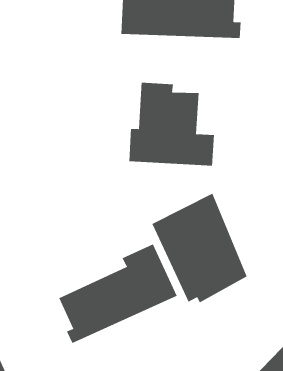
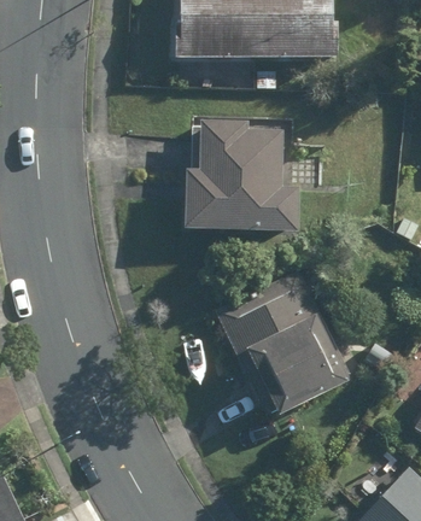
building: [59,243,178,344] -> none

